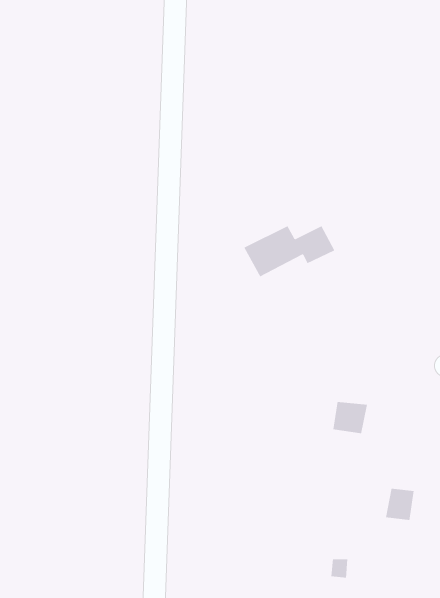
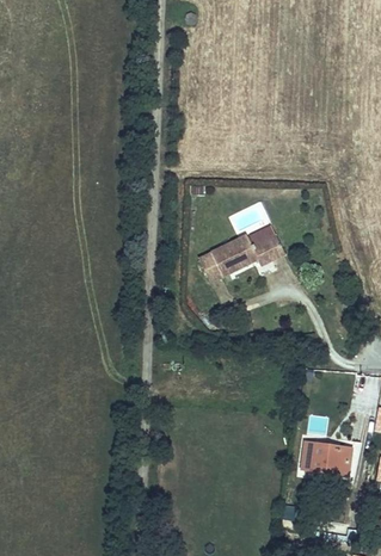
building: [332,401,368,434] -> [302,444,331,470]

